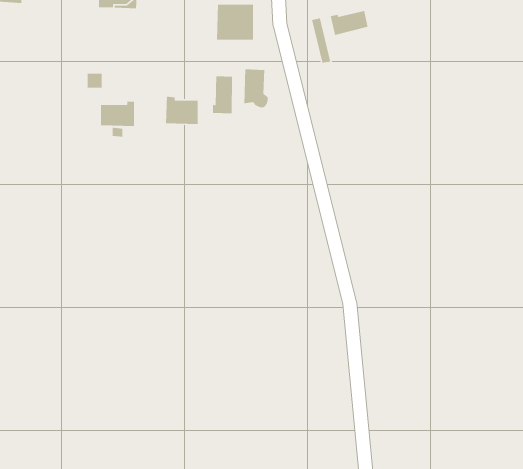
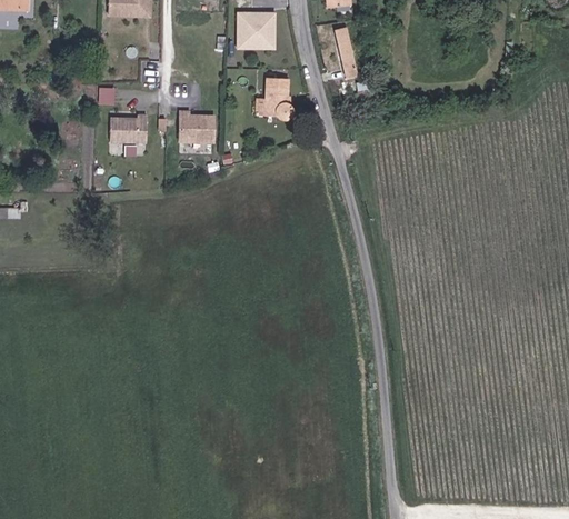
building: [330,10,369,36] -> none
building: [212,76,233,114] -> none

